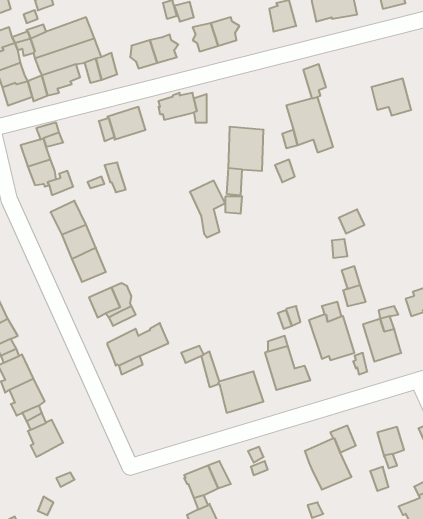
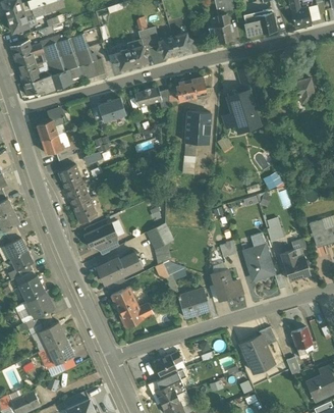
building: none -> [174,75,206,101]
building: [190,181,225,237] -> [148,222,173,263]
building: none -> [110,286,152,325]
building: none -> [49,338,74,363]

